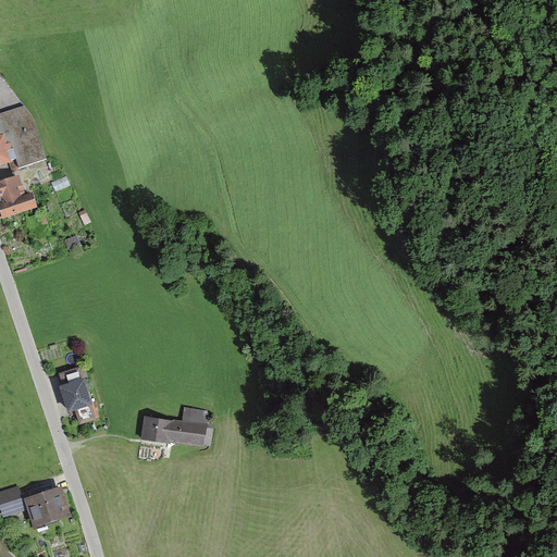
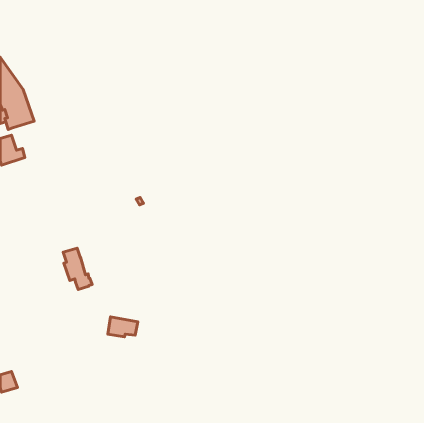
building: [59,368,97,422] -> [63,248,92,290]
building: [177,418,211,445] -> none
building: [25,488,65,528] -> none

